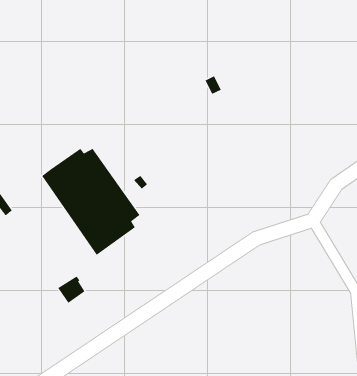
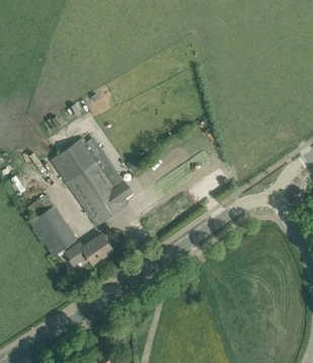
building: none -> [26,195,77,256]
building: none -> [82,234,112,264]

